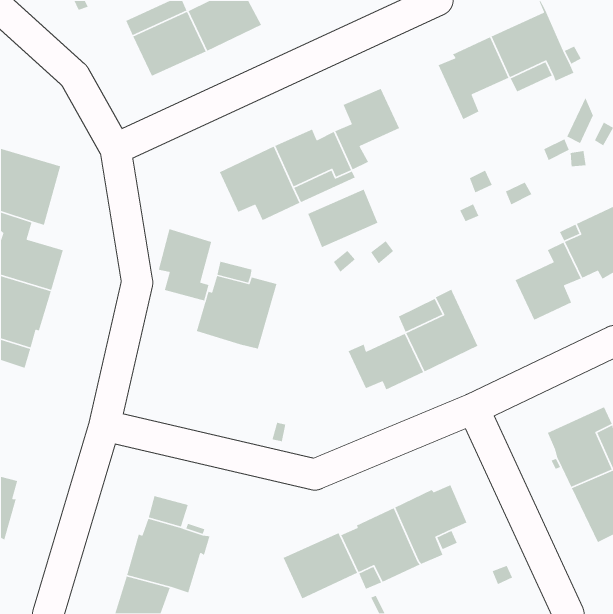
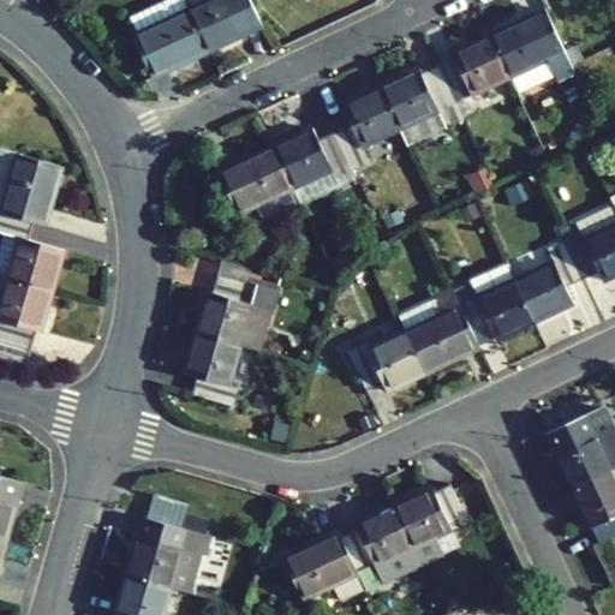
building: none -> [382,65,464,145]
building: [307,189,379,248] -> none
building: [158,228,212,301] -> [186,332,240,405]
building: none -> [454,262,535,346]

